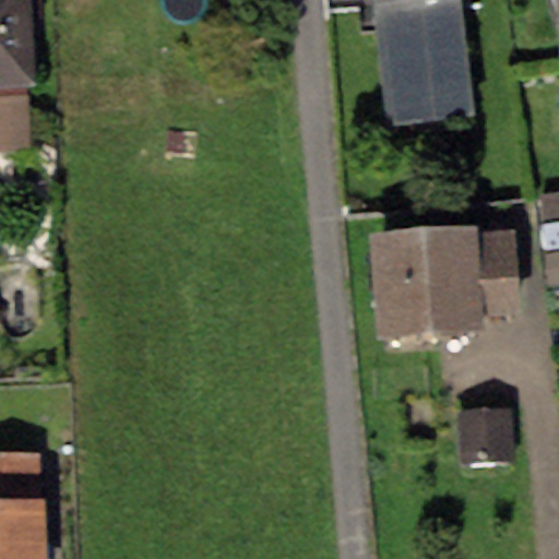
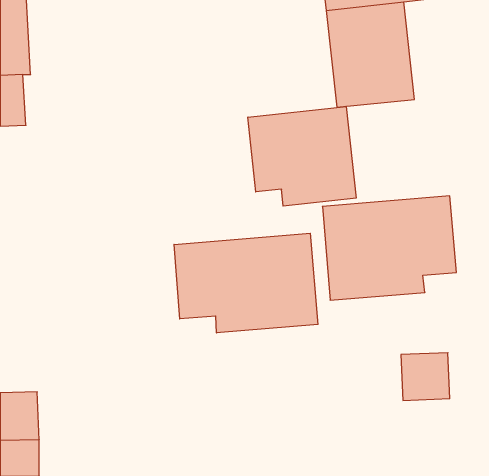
building: none -> [248,106,356,206]
building: none -> [174,233,318,333]

